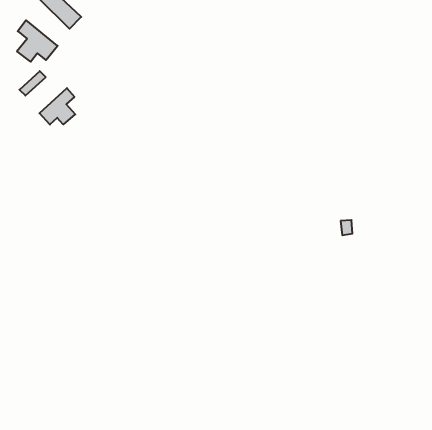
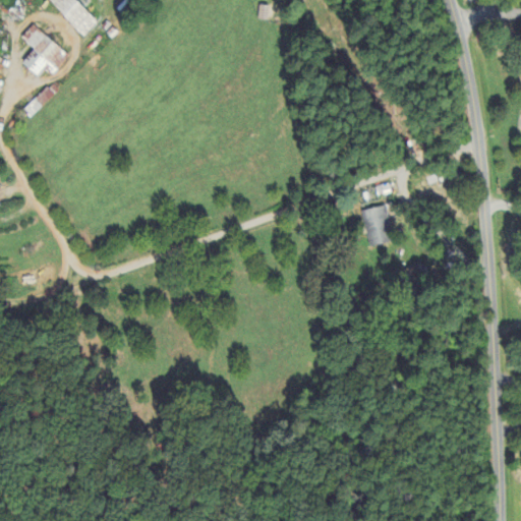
building: [39,88,75,125] -> none
building: none -> [362,205,394,246]

